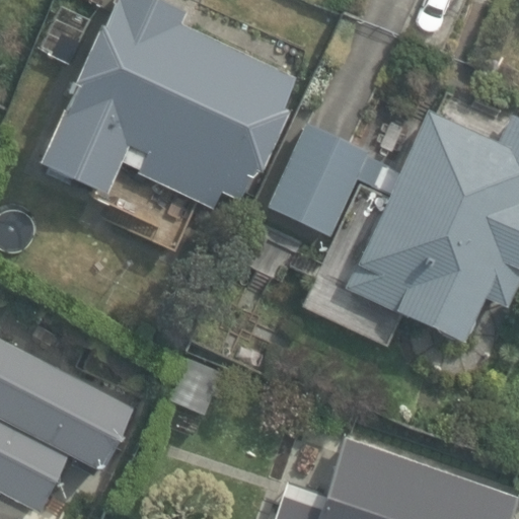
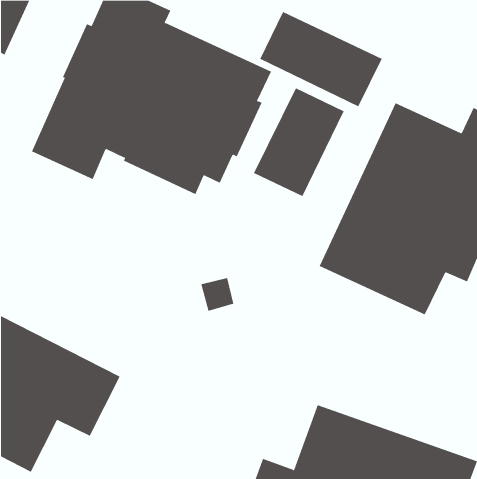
building: none -> [259,11,382,107]

